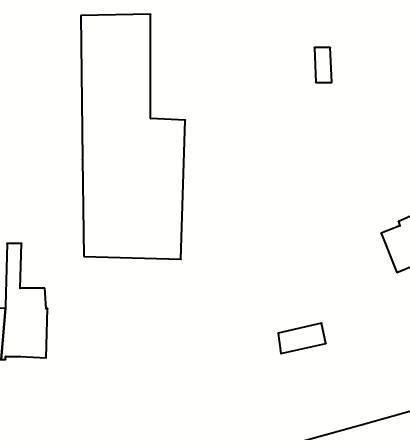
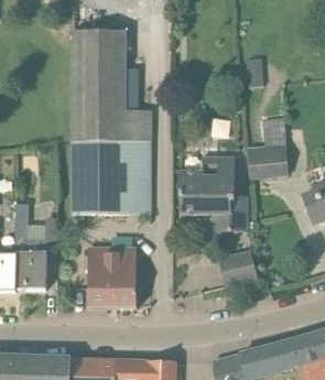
building: none -> [247,116,289,176]
building: none -> [180,155,241,230]
building: none -> [88,247,137,307]

